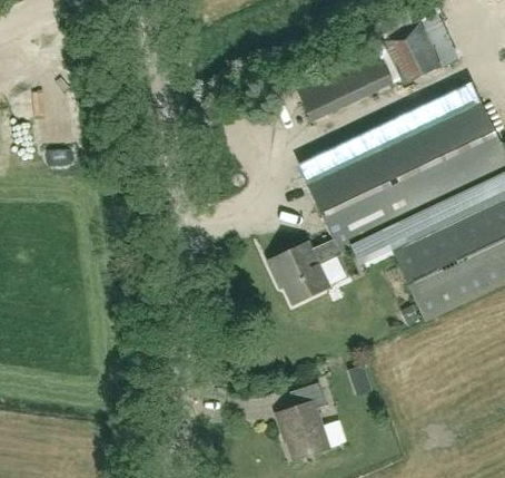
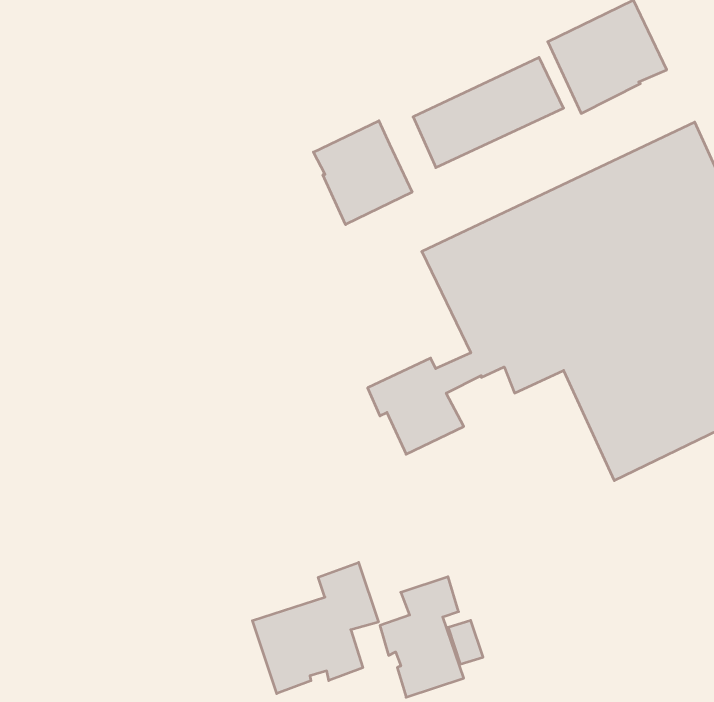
building: none -> [313,121,412,225]
building: none -> [252,562,378,694]

